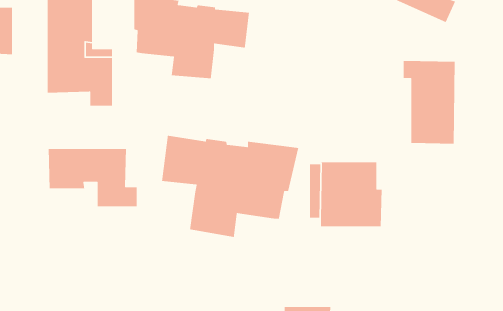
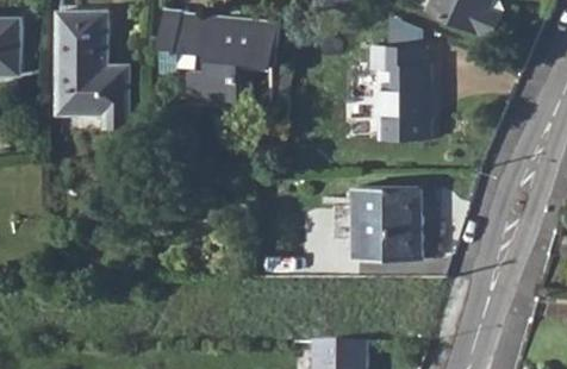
building: [403,60,455,145] -> [370,45,428,137]
building: [161,135,299,238] -> none
building: [48,148,138,207] -> none

